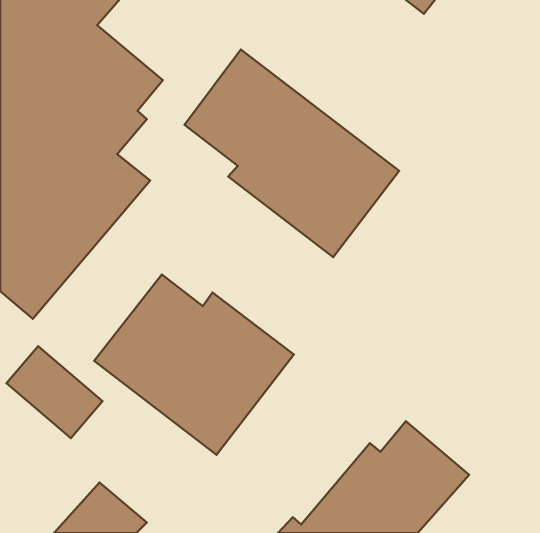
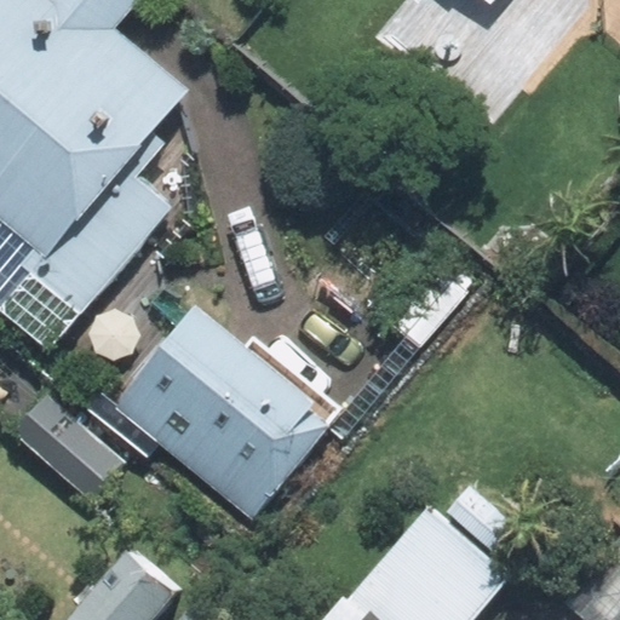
building: [184,50,399,257] -> none

